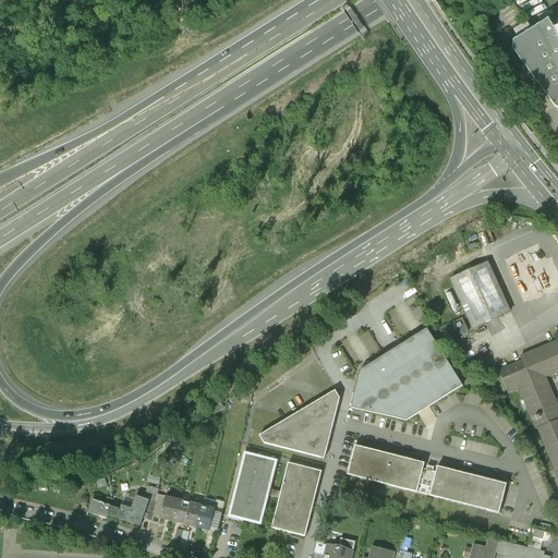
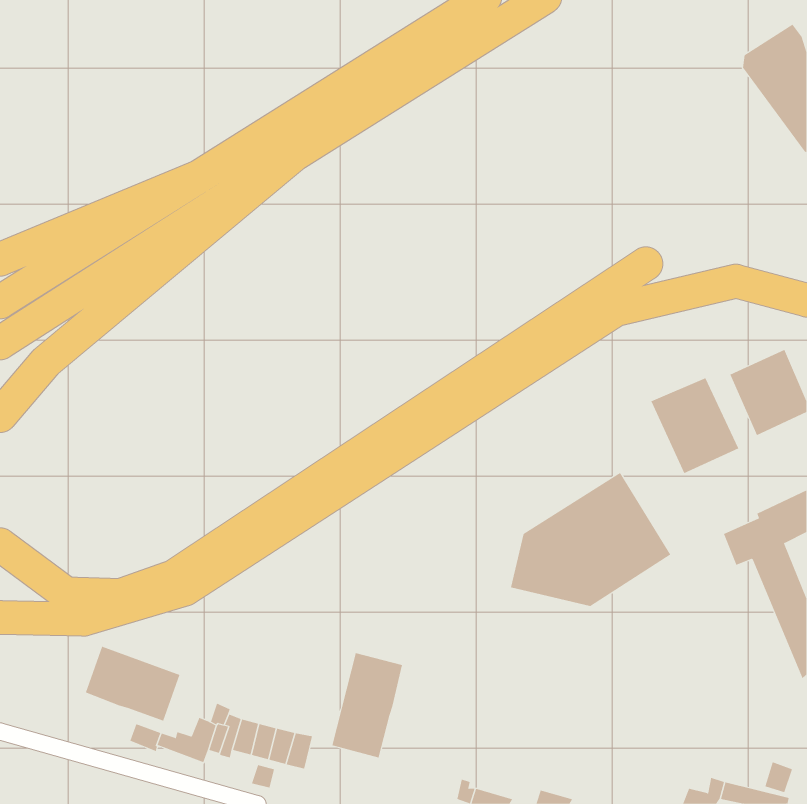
building: [260,390,340,458] -> none
building: [349,445,508,512] -> none
building: none -> [85,646,180,721]
building: [269,462,323,535] -> none

